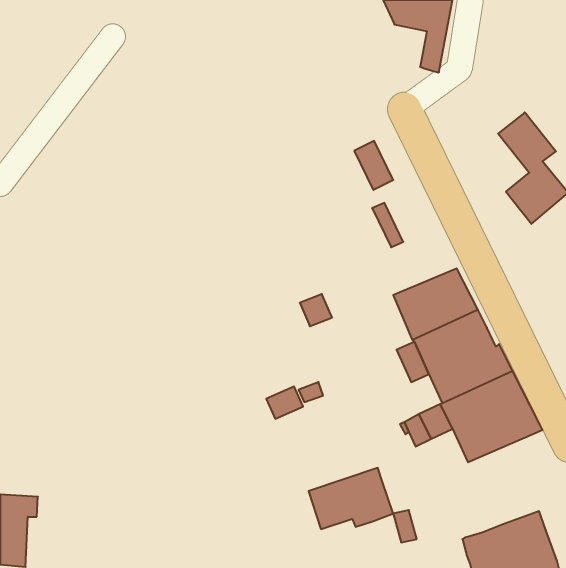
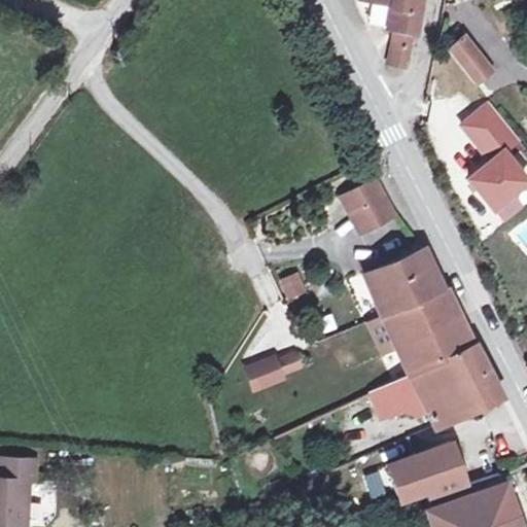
building: none -> [450,35,497,85]
building: [354,141,393,190] -> [358,179,394,224]
building: [309,468,393,529] -> [389,444,467,500]

